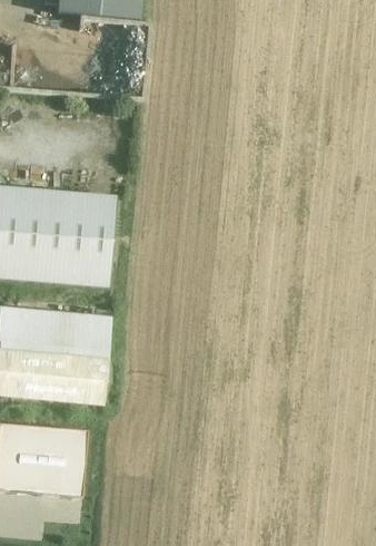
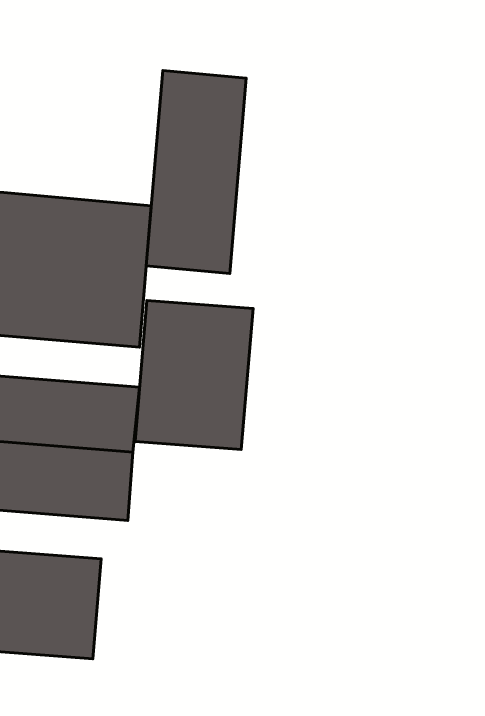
building: none -> [146,71,246,273]
building: none -> [135,301,253,449]

